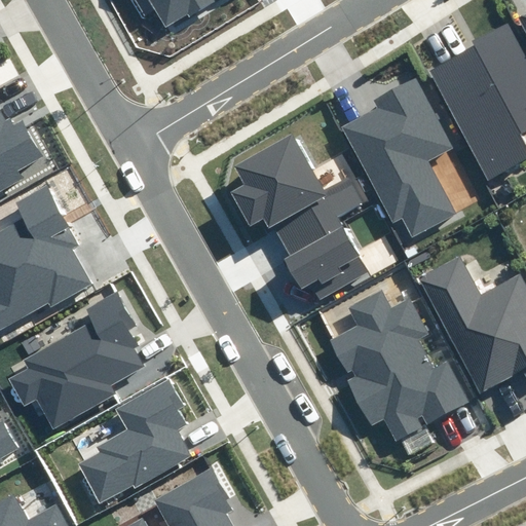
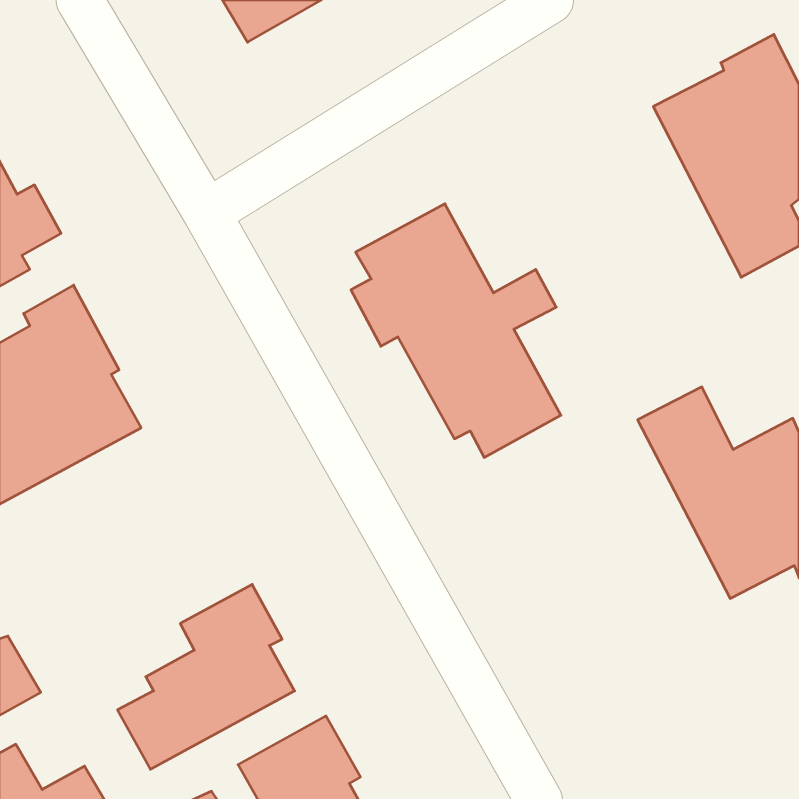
building: [344,79,456,237] -> none
building: [8,288,145,427] -> none
building: [327,288,468,441] -> none

